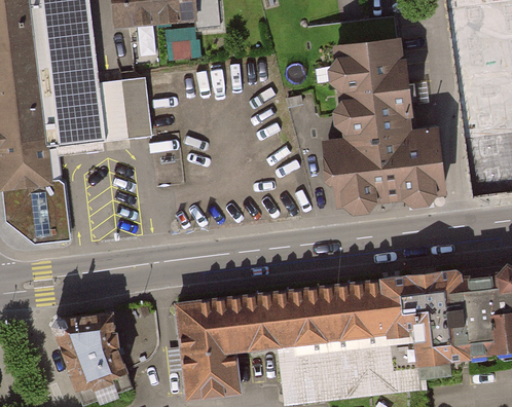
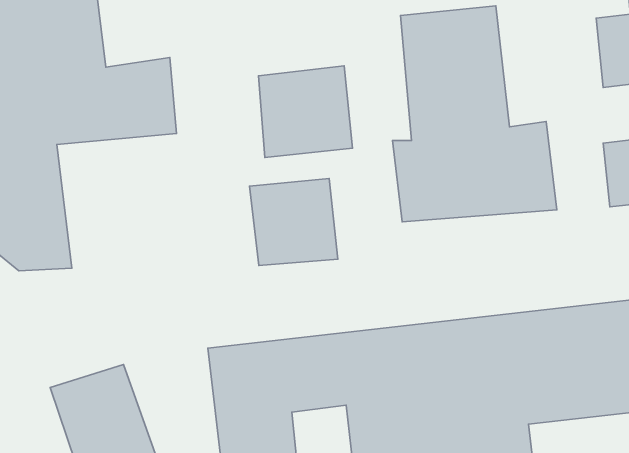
building: none -> [259,66,352,158]
building: none -> [250,178,338,265]

